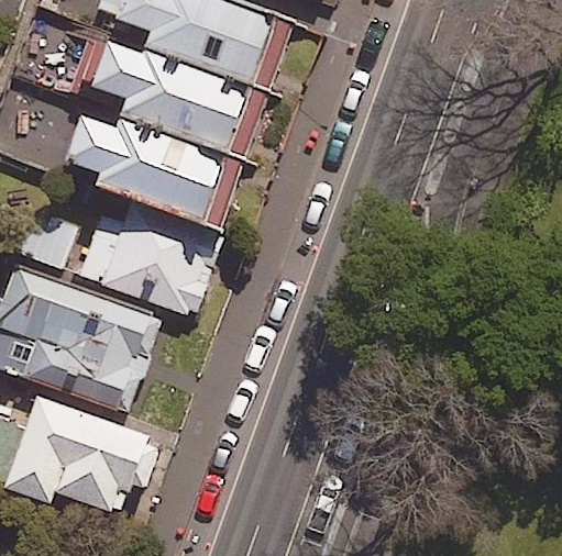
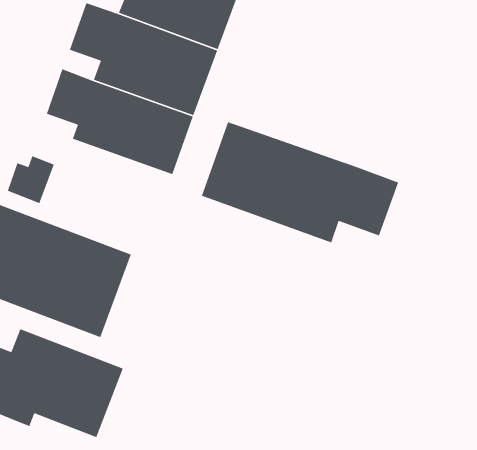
building: none -> [201,121,399,243]
building: [71,201,213,309] -> none

